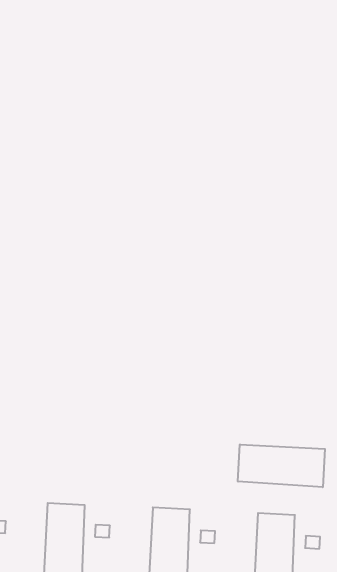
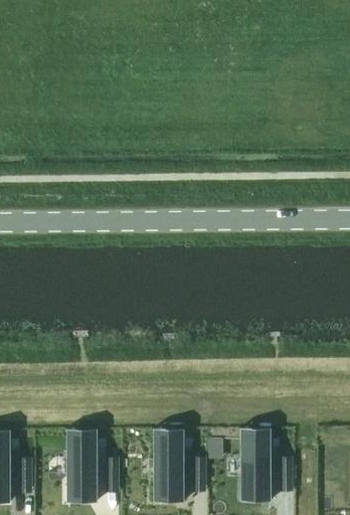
building: [238,444,325,487] -> none

